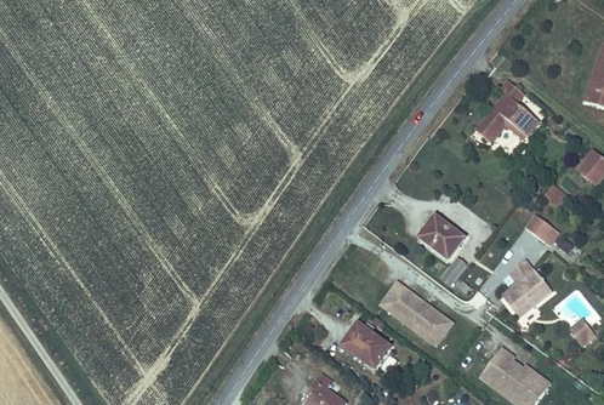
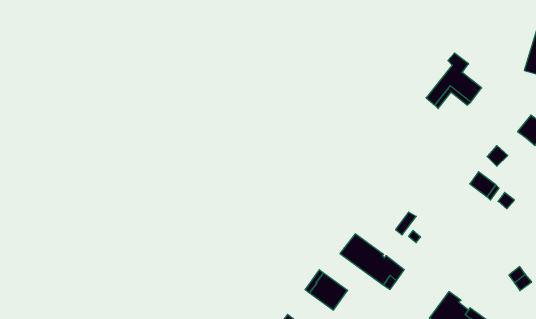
building: [418,216,462,258] -> none
building: [501,259,551,315] -> none

